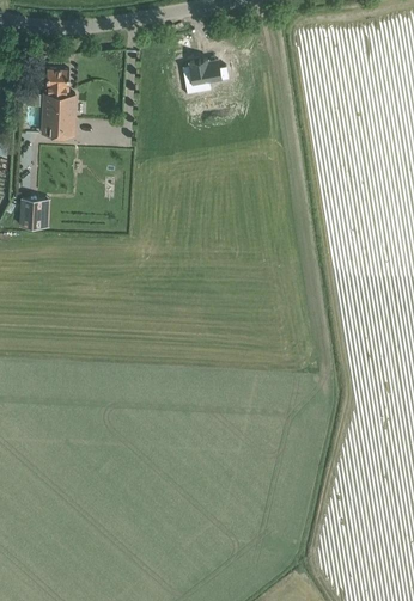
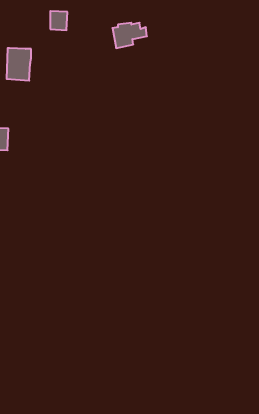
building: [45,68,68,93] -> [50,11,67,30]

